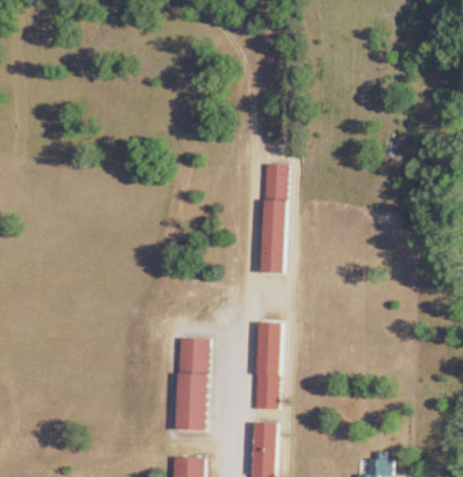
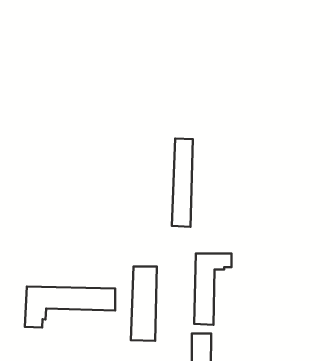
building: [261,163,287,274] -> [172,138,193,227]
building: none -> [25,287,115,327]

